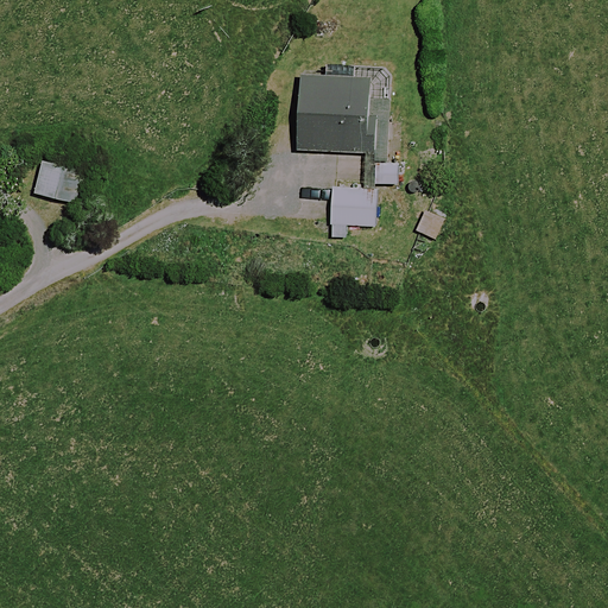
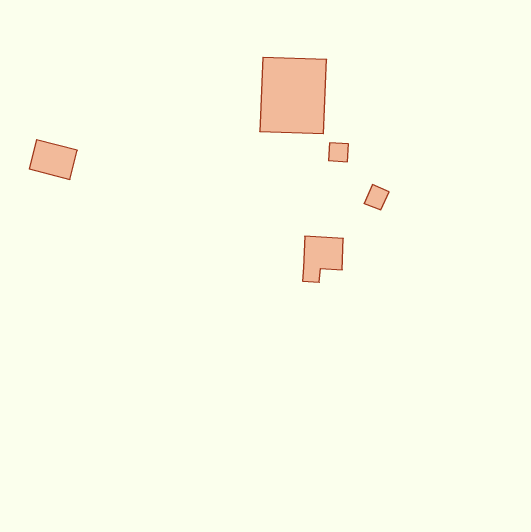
building: [329,188,375,240] -> [303,236,343,282]

